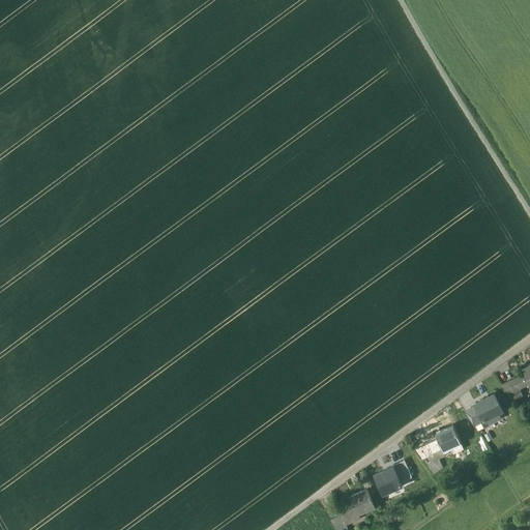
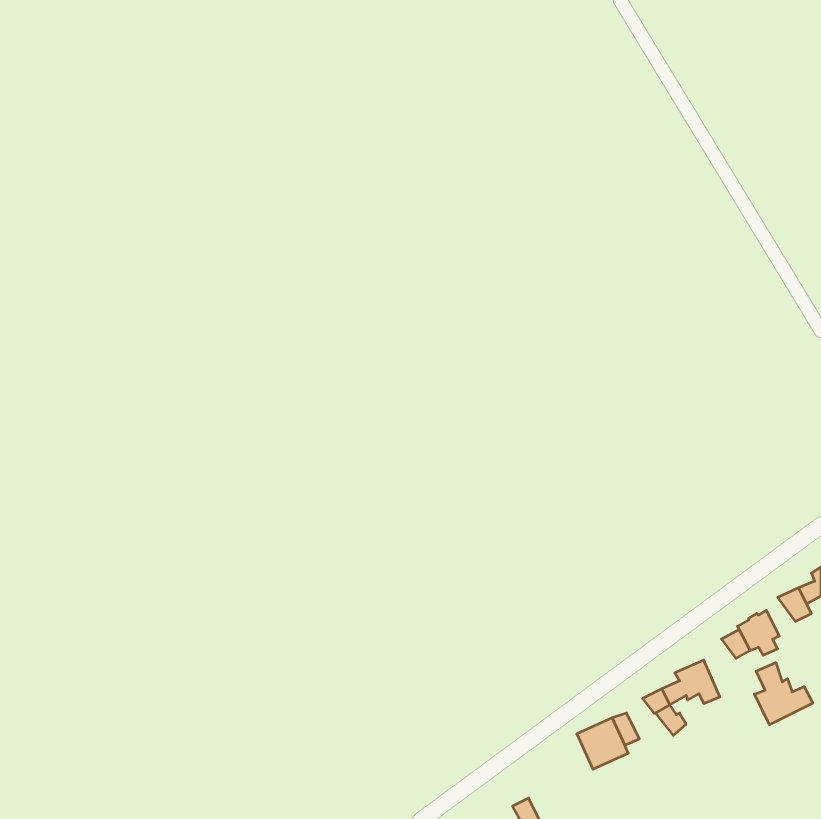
building: none -> [754,663,813,725]
building: [341,490,375,518] -> none

